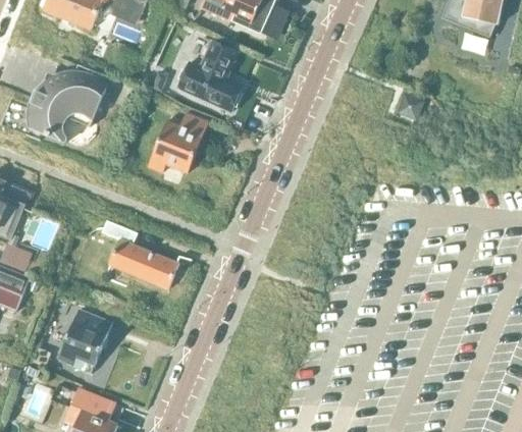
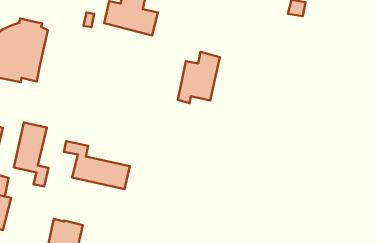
building: [148,113,207,173] -> [178,52,220,103]
building: none -> [14,123,49,187]

